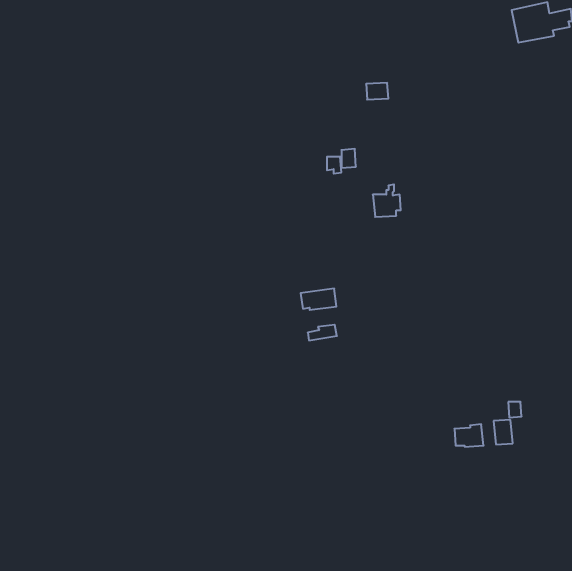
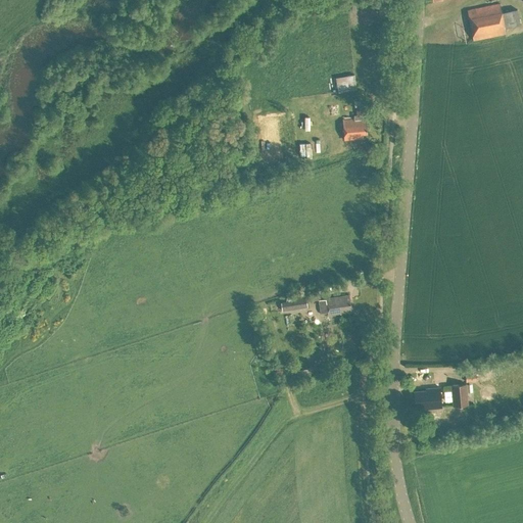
building: [373,184,401,217] -> [342,111,368,141]
building: [301,289,336,310] -> [319,296,351,316]

